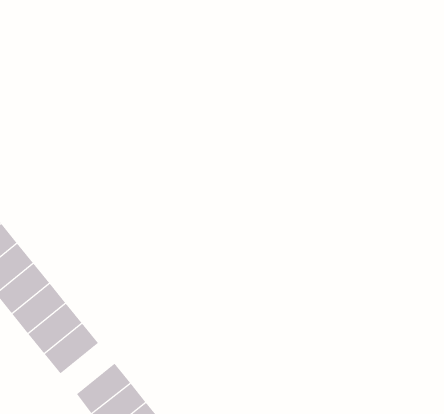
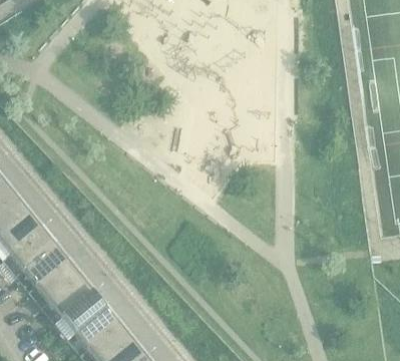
building: none -> [57,291,101,332]

